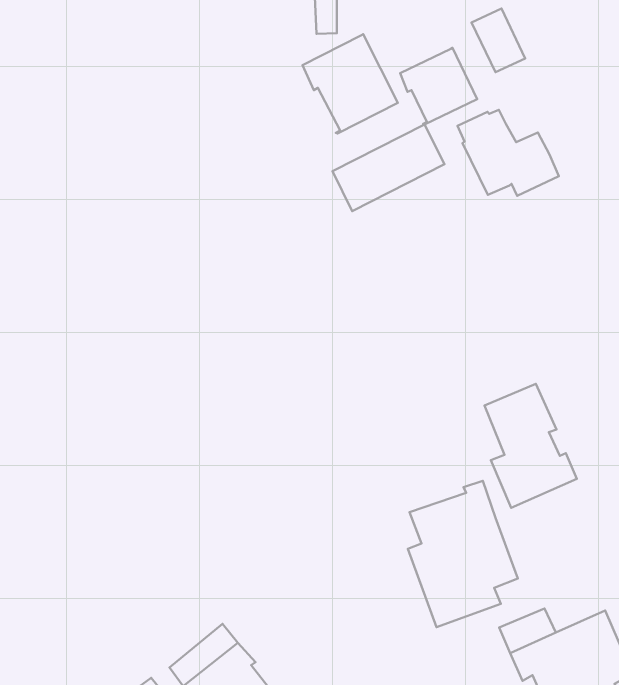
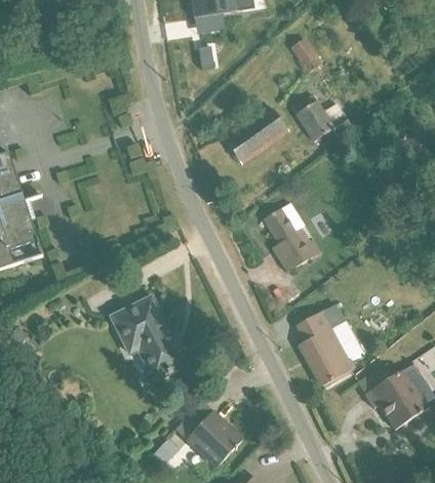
building: [303,34,398,134] -> none
building: [400,48,477,124] -> none
building: [484,384,577,508] -> [263,202,320,273]
building: none -> [109,297,185,381]

